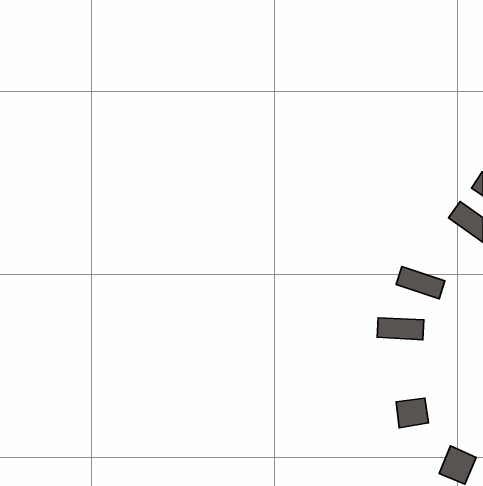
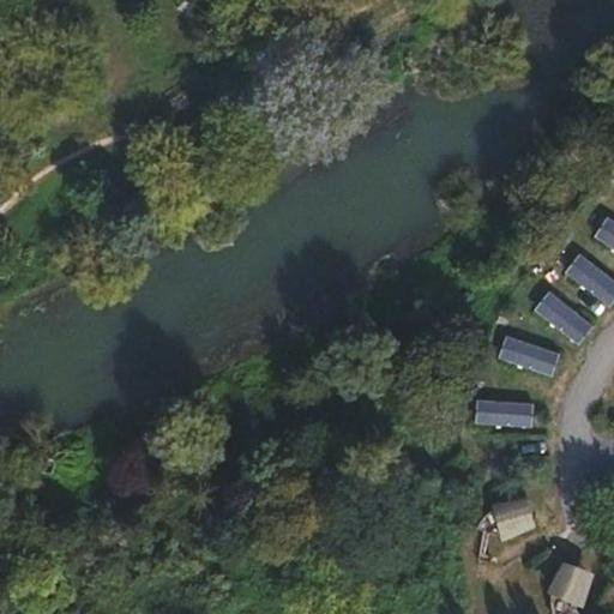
building: none -> [534,290,592,344]

